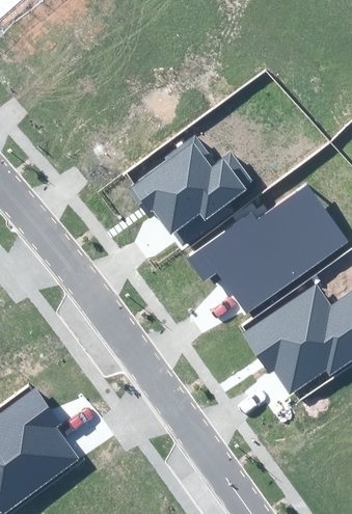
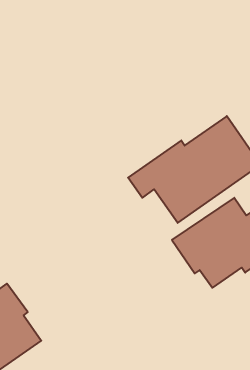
building: [125,134,254,246] -> none

